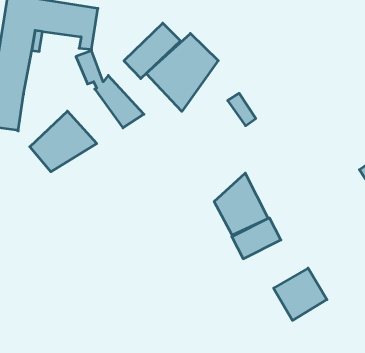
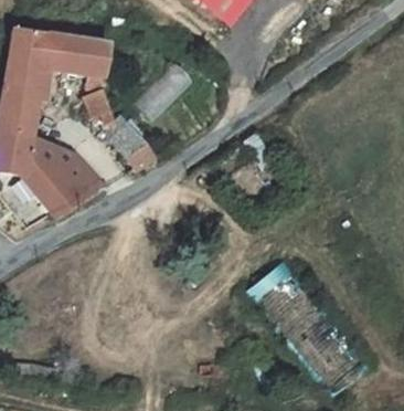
building: [146,33,218,111] -> none
building: none -> [22,134,76,189]
building: [214,173,268,235] -> none

